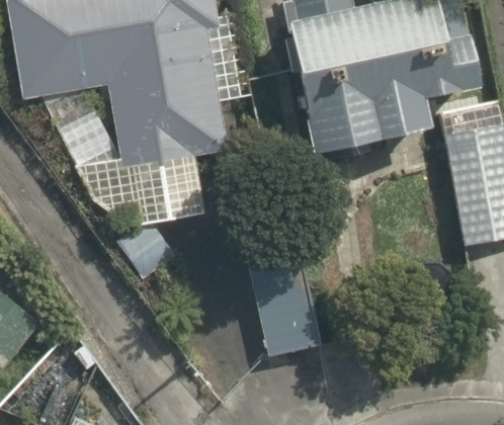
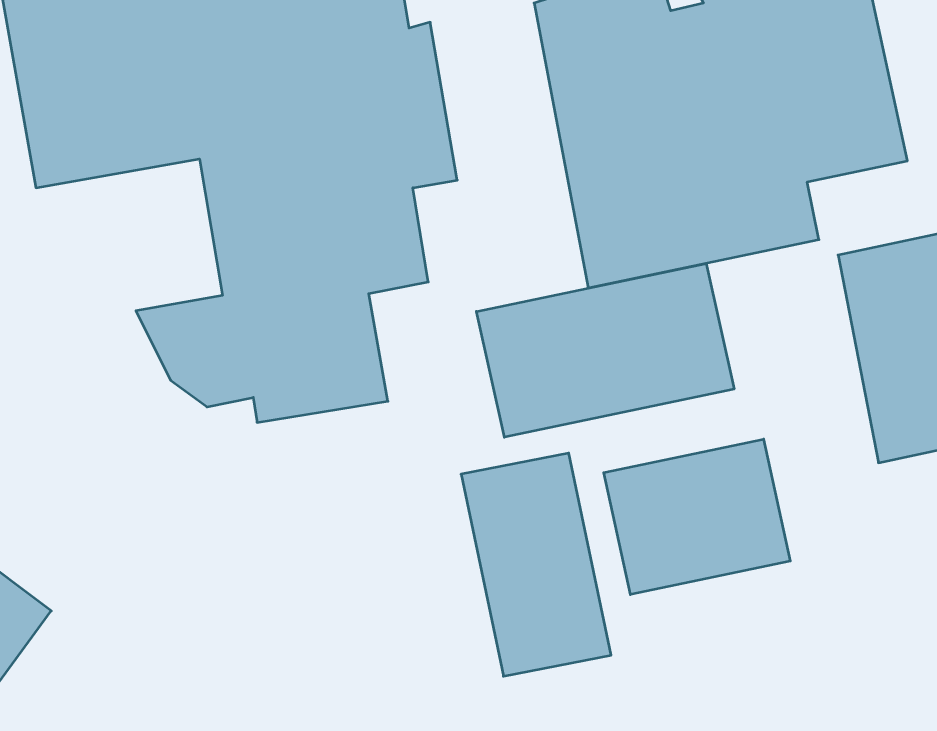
building: none -> [476,263,734,437]
building: none -> [604,439,790,595]

